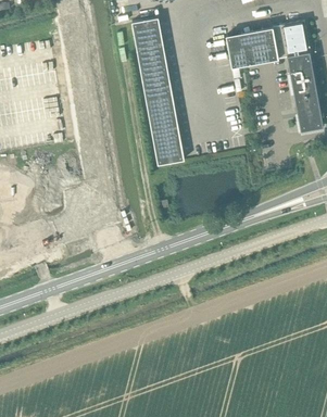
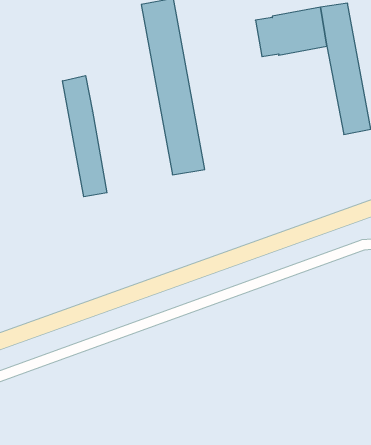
building: none -> [63,76,107,197]

